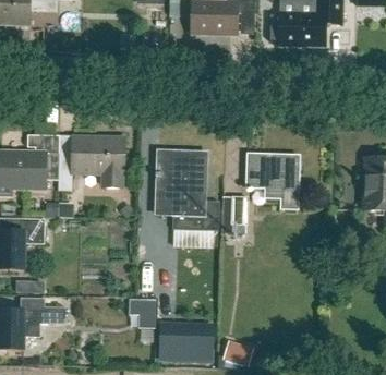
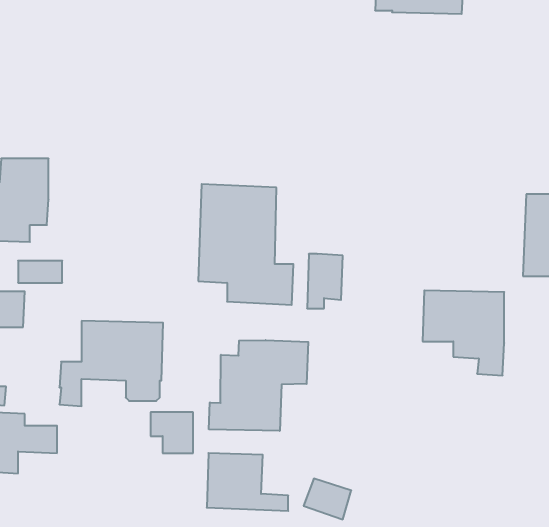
building: [59,135,125,190] -> [59,321,163,406]
building: [246,155,299,209] -> [423,290,504,375]
building: none -> [209,340,308,431]

